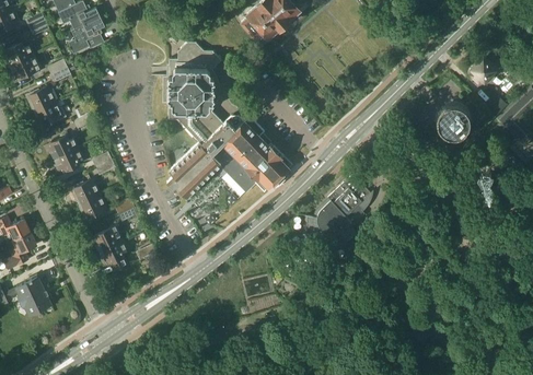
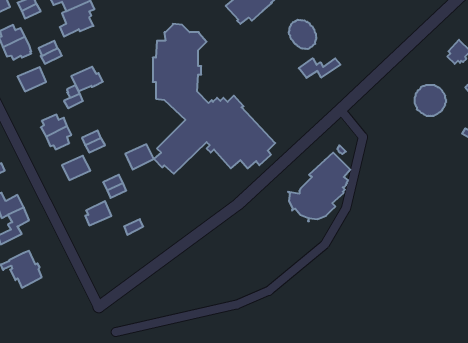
building: none -> [289,20,316,49]
building: none -> [299,58,340,78]
building: [33,102,66,127] -> [71,67,103,91]
building: [79,194,108,220] -> [125,144,154,170]
building: [100,241,128,271] -> none

